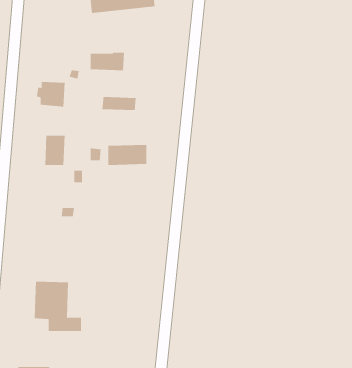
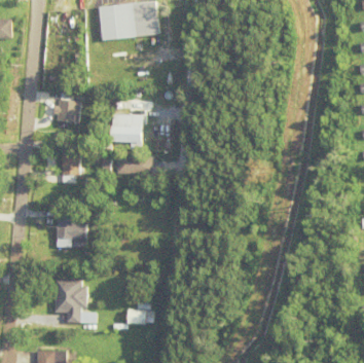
building: [90,52,125,71] -> [110,128,141,144]
building: none -> [56,218,84,248]
building: none -> [123,300,148,322]

